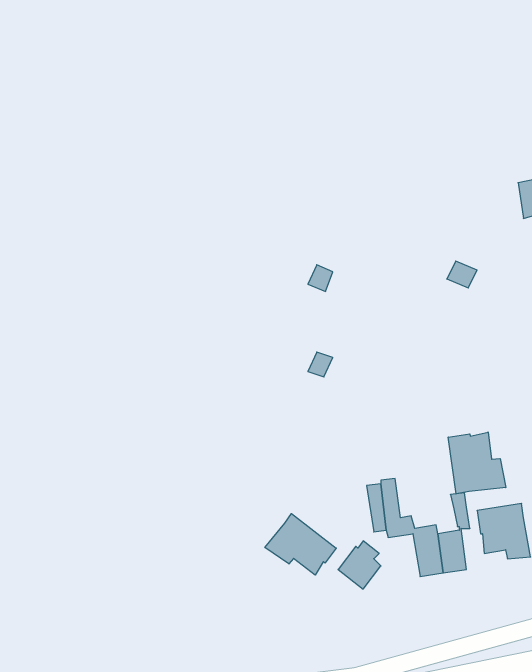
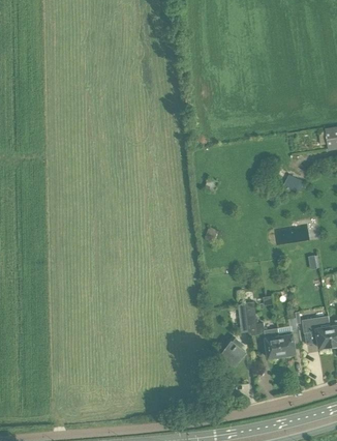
building: [448,432,506,494] -> none
building: [265,514,336,575] -> none

